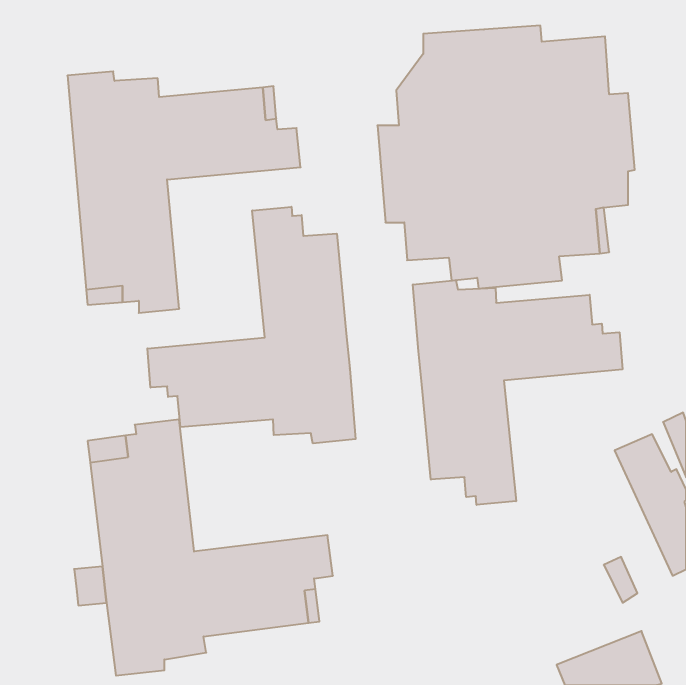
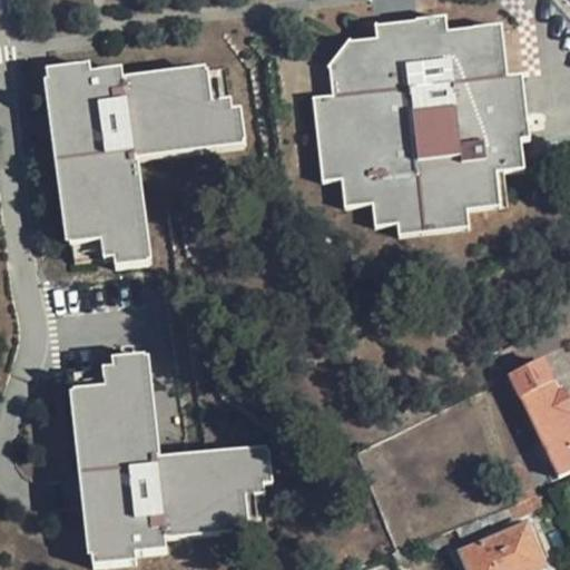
building: [147,207,356,443] -> none
building: [413,280,622,505] -> none

